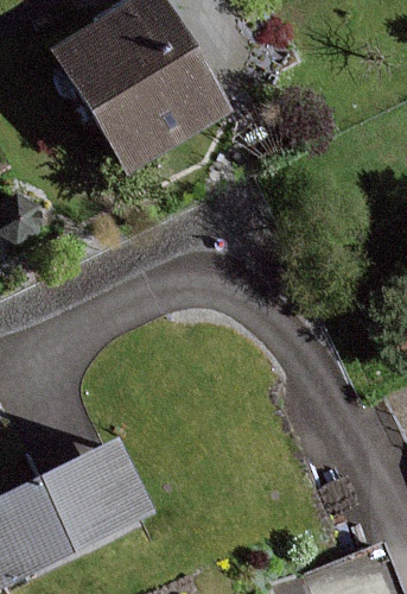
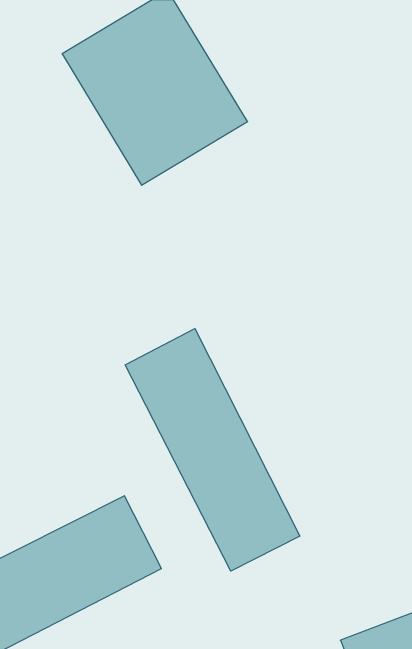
building: none -> [125,329,300,571]

